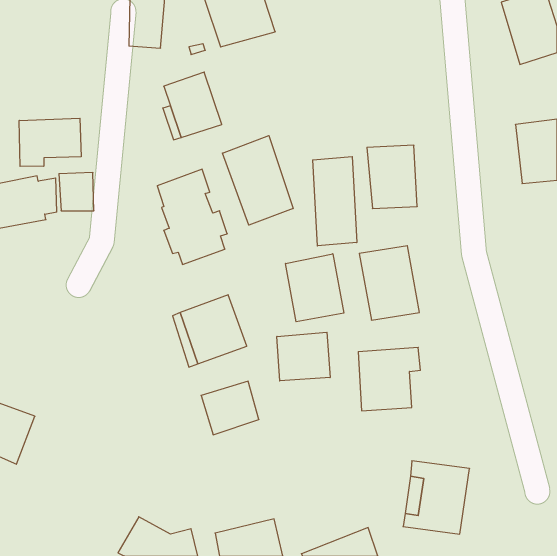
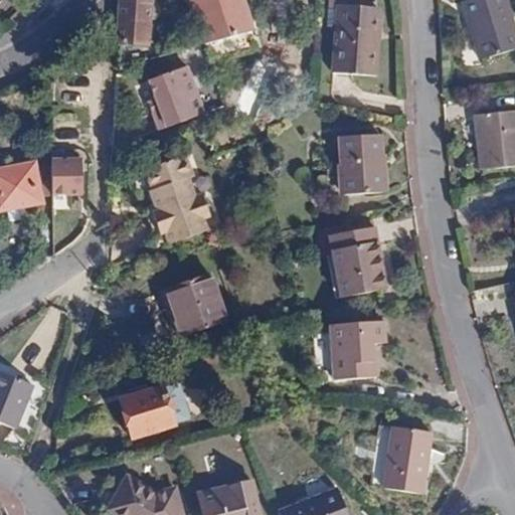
building: none -> [331,4,380,74]
building: [19,118,81,166] -> none
building: [222,136,293,225] -> none
building: [313,157,357,246] -> none
building: [286,254,344,322] -> none
building: [277,332,330,381] -> none
building: [201,381,259,435] -> [121,386,174,436]

